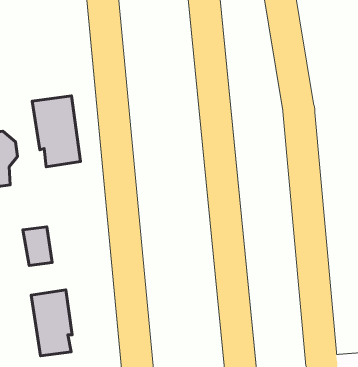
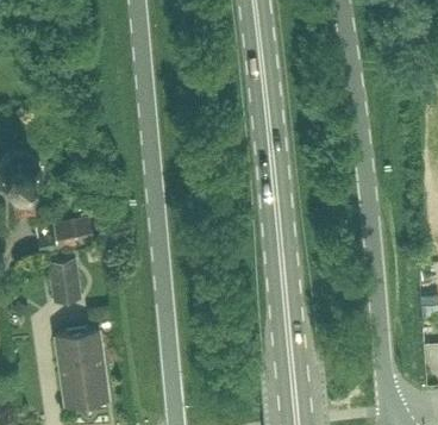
building: [32,96,80,167] -> none
building: none -> [55,220,95,249]

